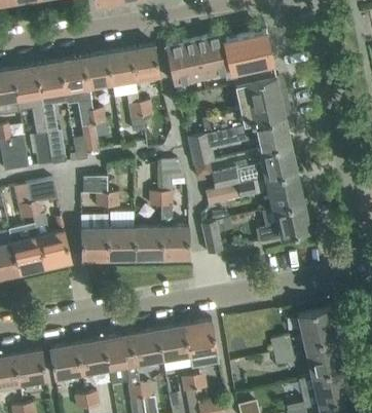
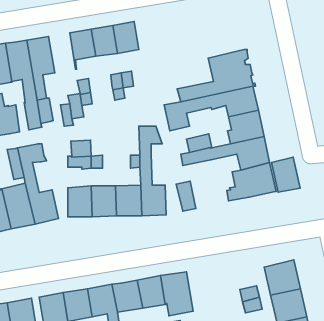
building: [165,32,275,87] -> none
building: [60,59,89,103] -> none
building: none -> [272,157,300,192]

